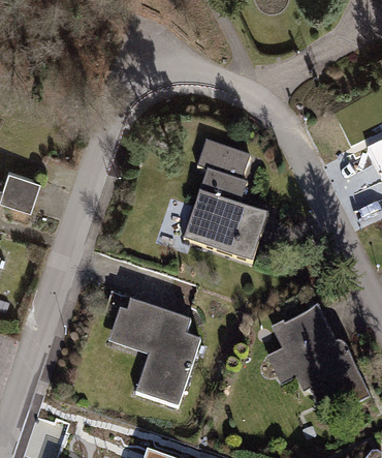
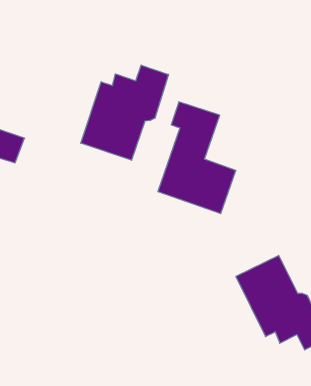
building: none -> [81,65,168,160]
building: [116,299,197,403] -> none

